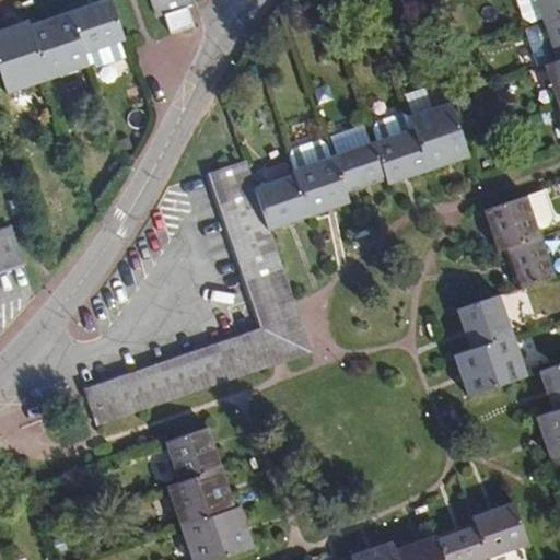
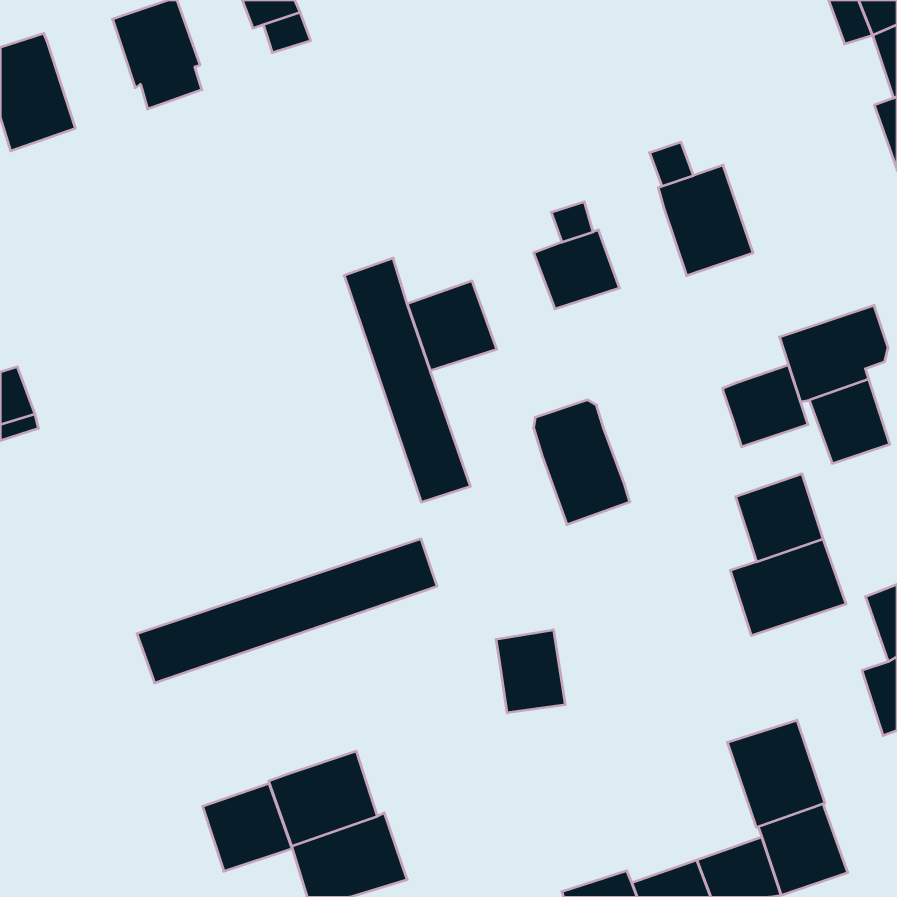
building: [30,12,88,80] -> none
building: [372,114,428,185] -> none
building: [289,140,349,218] -> [533,400,630,525]
building: [83,172,310,395] -> none
building: none -> [723,365,808,447]
building: none -> [496,630,565,713]
building: [166,428,222,482] -> [203,784,292,871]
building: none -> [727,720,825,827]

